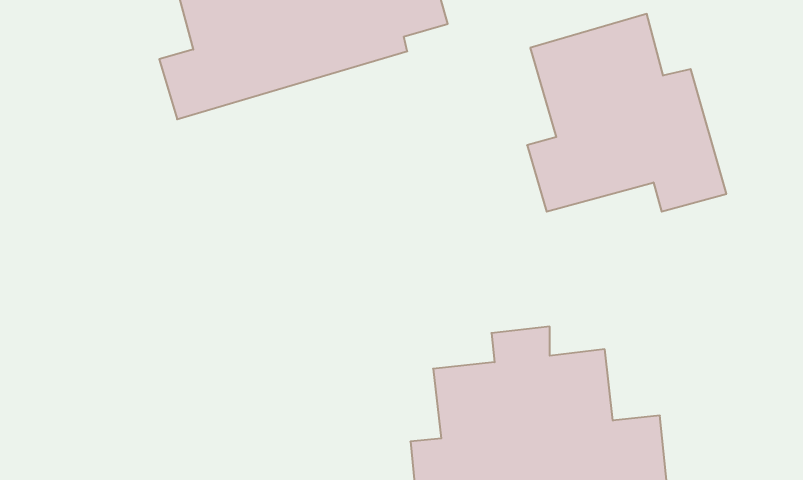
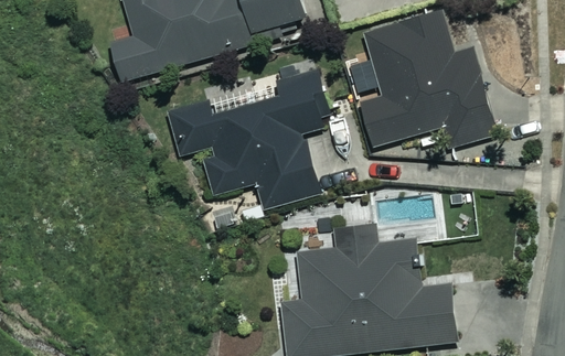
building: none -> [166,69,331,212]

